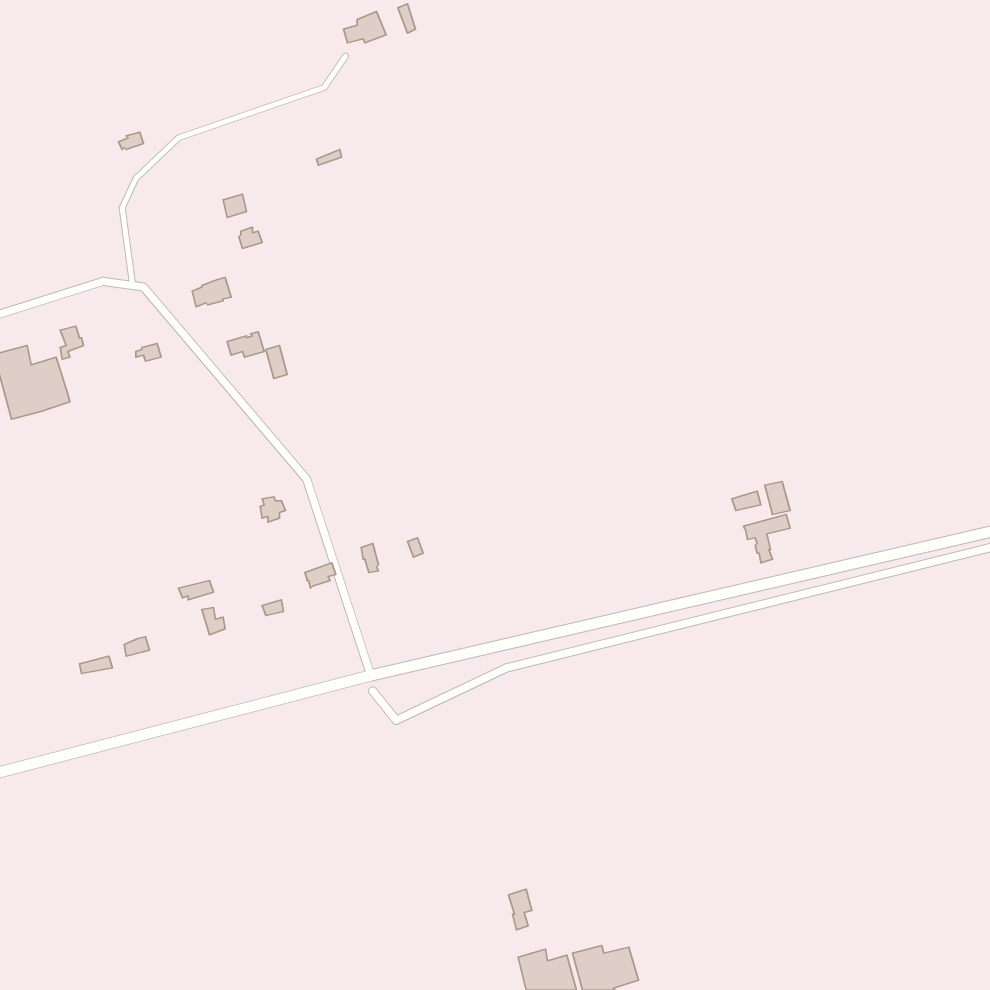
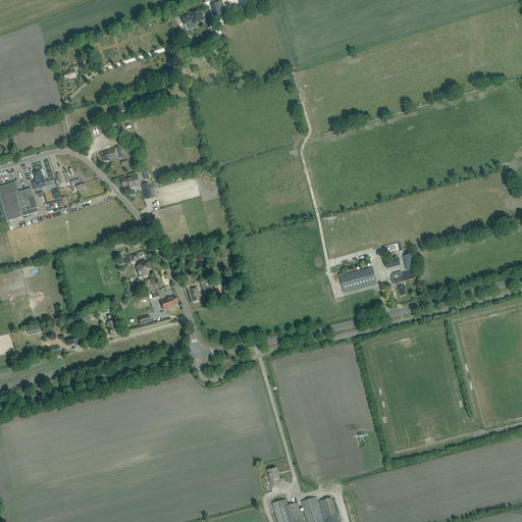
building: none -> [338,267,375,292]

